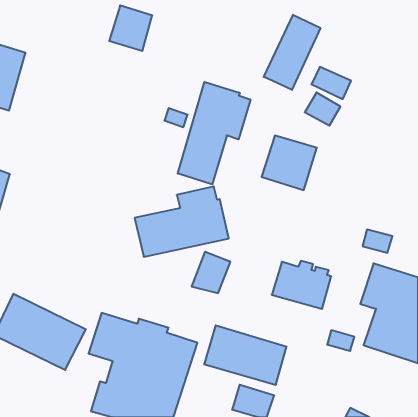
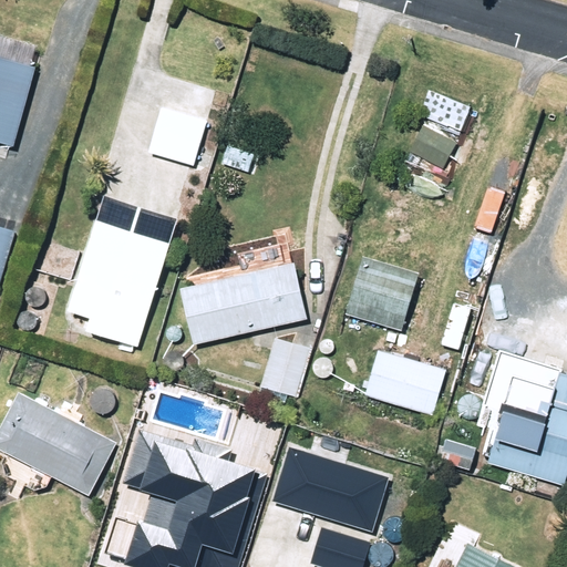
building: [109,5,152,51] -> [147,105,205,166]
building: [264,15,320,90] -> none
building: [178,82,250,184] -> none
building: [262,136,317,190] -> [346,260,420,333]
building: none -> [70,202,179,352]

